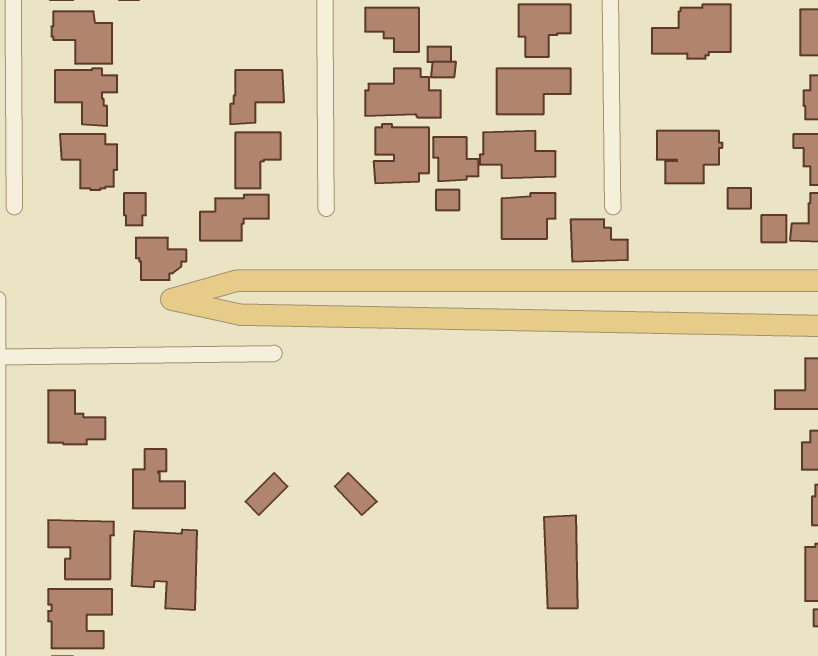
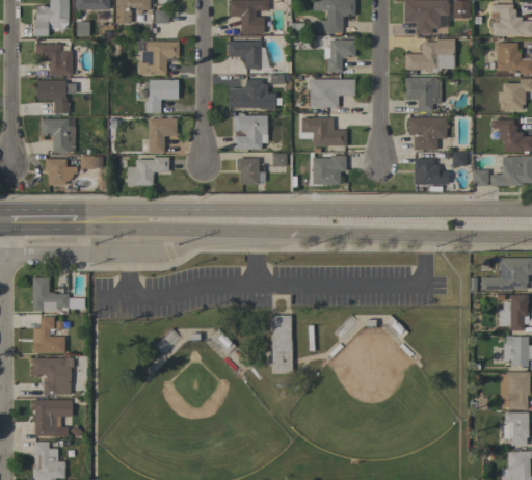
building: none -> [136,42,179,75]
building: none -> [405,78,441,111]
building: [433,137,479,181] -> [238,158,266,185]
building: [571,219,628,262] -> [414,159,449,185]
building: [136,238,186,280] -> [46,159,77,185]
building: [133,449,185,508] -> [33,316,65,352]
building: [544,515,578,608] -> [271,315,292,372]
building: [132,529,197,610] -> none

